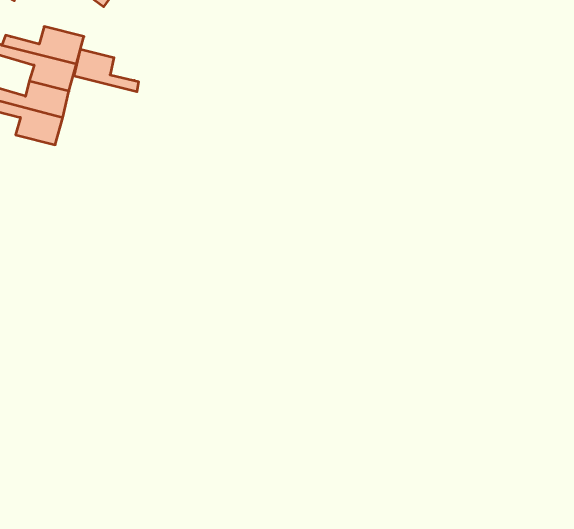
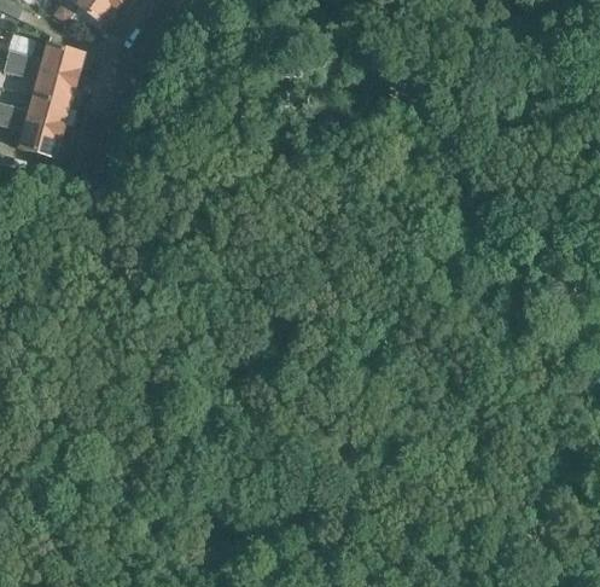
building: [74,49,138,92] -> none

